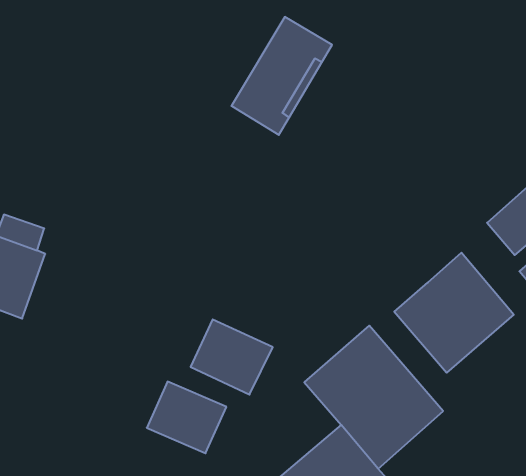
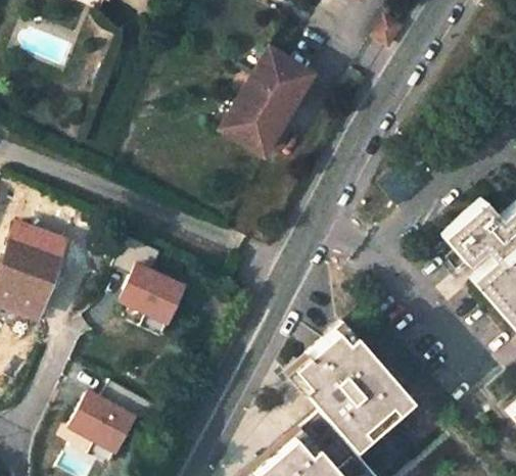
building: [394,253,514,373] -> none
building: [191,319,273,395] -> [111,257,184,324]
building: [147,382,226,453] -> [64,387,135,450]

